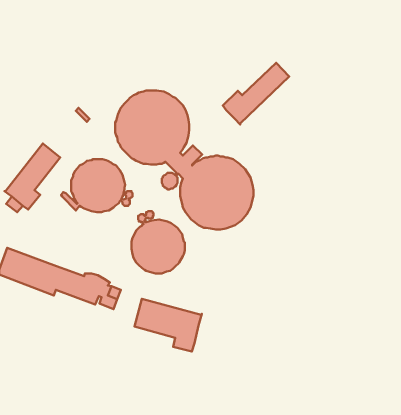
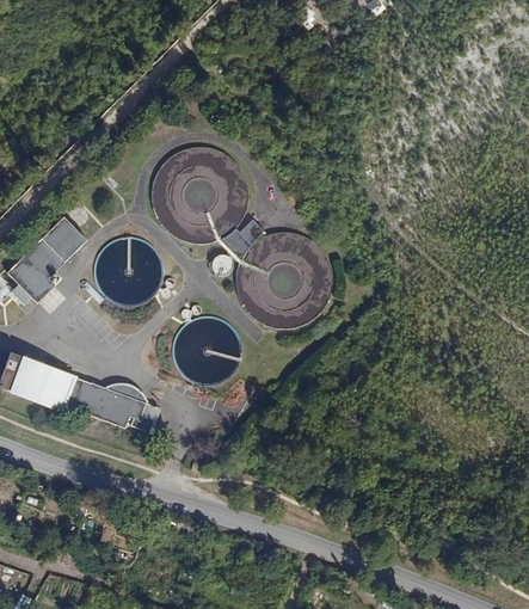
building: [223,63,289,125] -> none
building: [134,299,202,351] -> none

